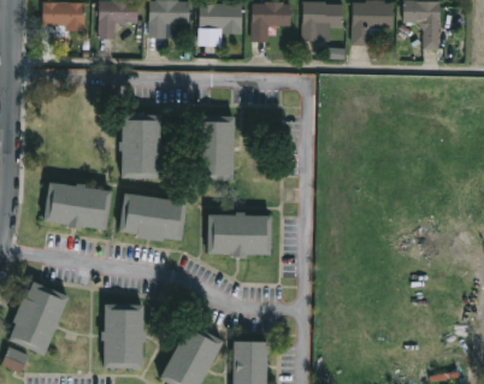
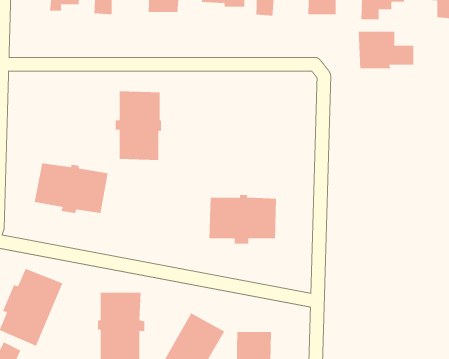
building: none -> [358,31,414,69]
building: [194,116,235,182] -> none
building: [118,193,188,242] -> none

